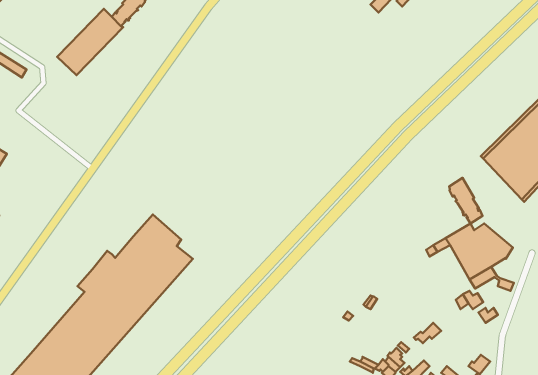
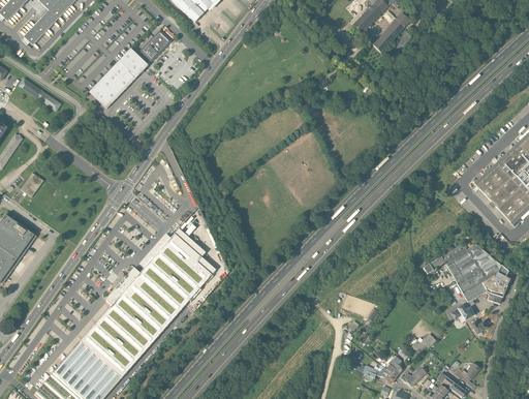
building: [449,178,483,223] -> none
building: none -> [483,265,511,297]

